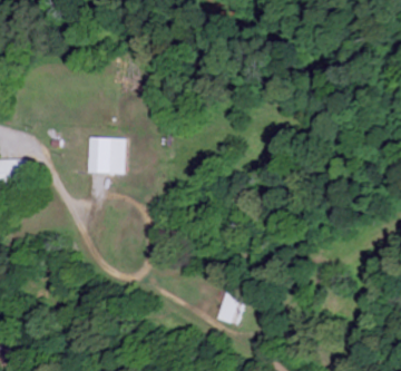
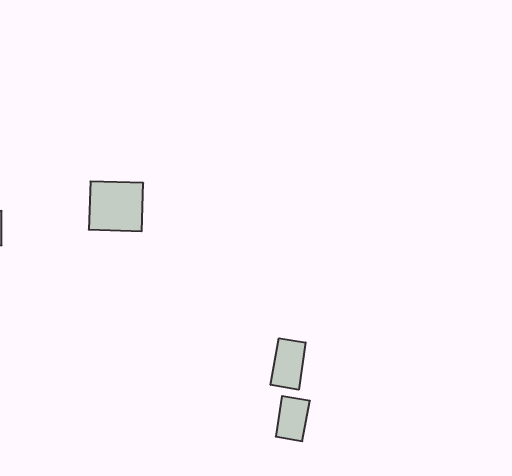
building: none -> [271,338,306,390]

